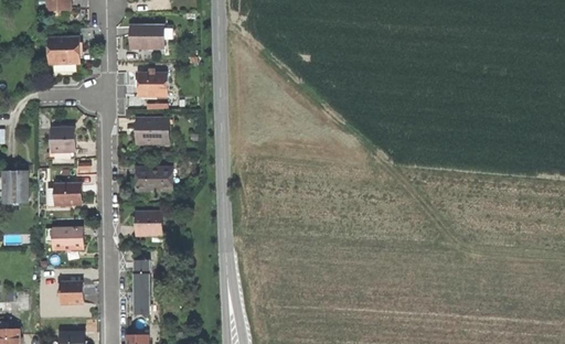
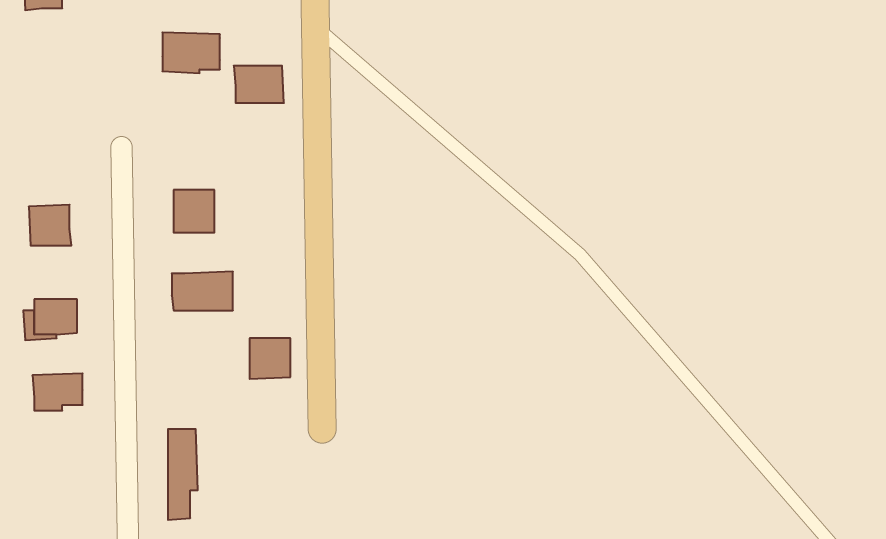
building: [47,36,79,64] -> none
building: [137,73,167,95] -> [234,66,284,103]
building: [136,212,160,236] -> [250,338,290,379]
building: [60,281,82,303] -> none

